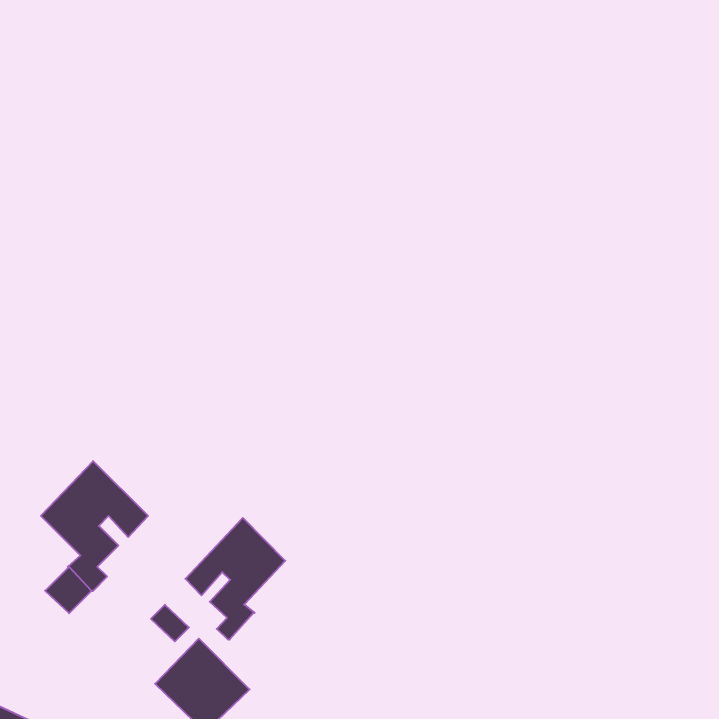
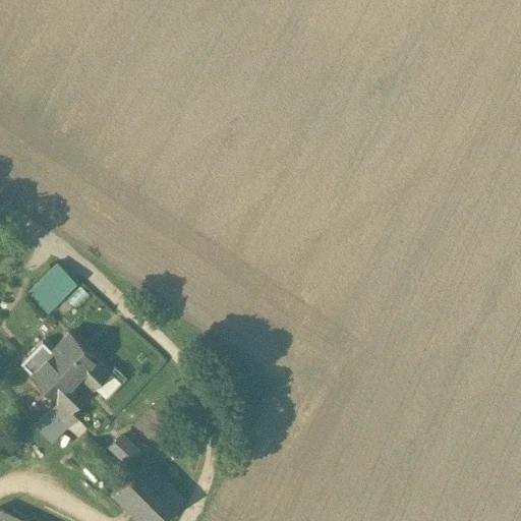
building: none -> [30,273,73,310]
building: [185,518,285,640] -> none

